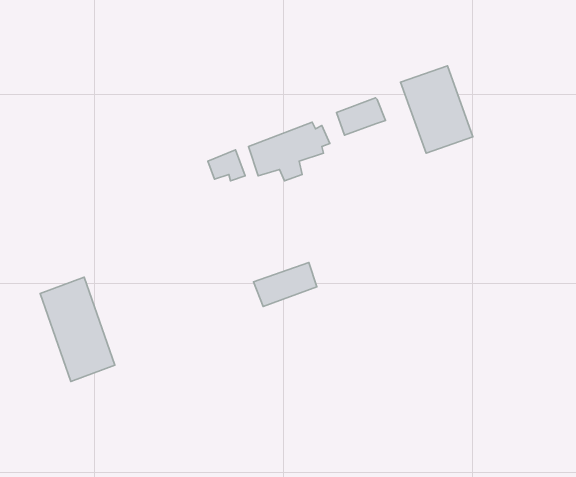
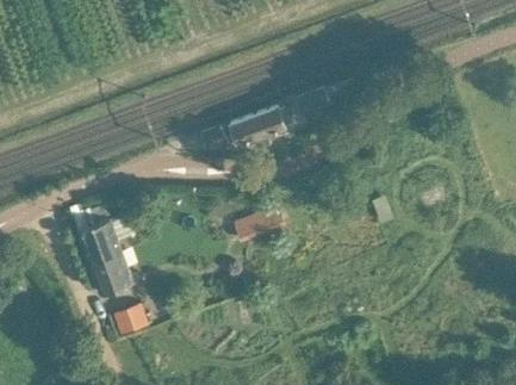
building: [401,66,473,153] -> none
building: none -> [113,303,149,335]

